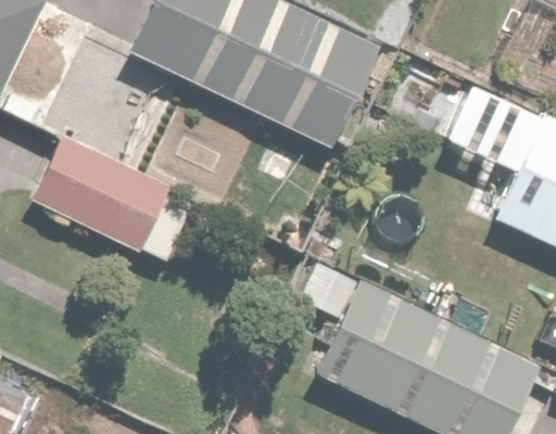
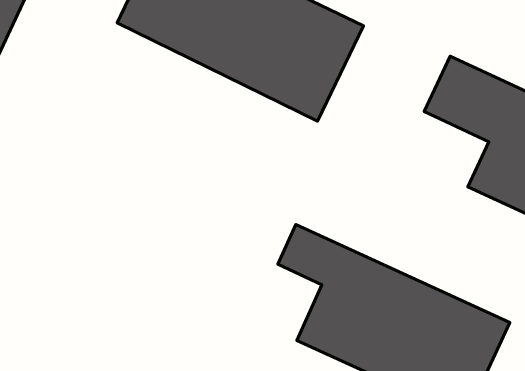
building: [29,136,199,266] -> none

